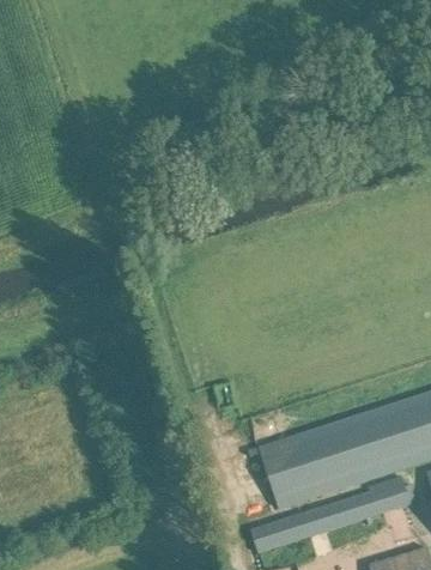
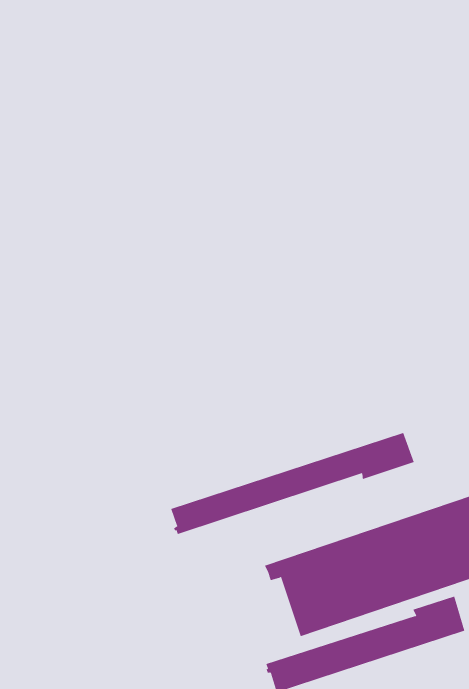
building: none -> [170,432,414,535]

